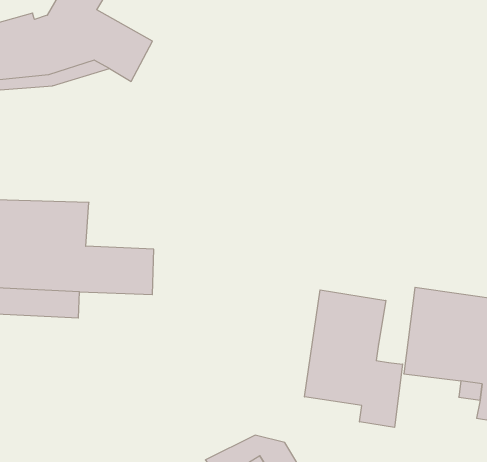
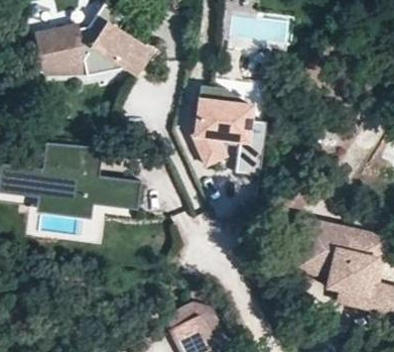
building: none -> [191,86,265,175]
building: [305,290,403,427] -> none

